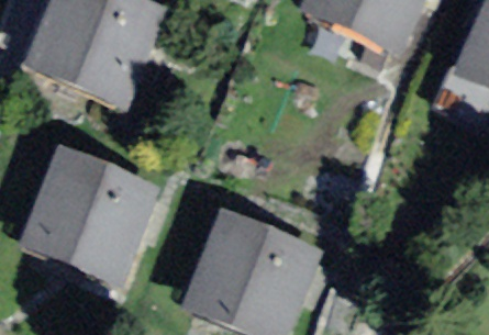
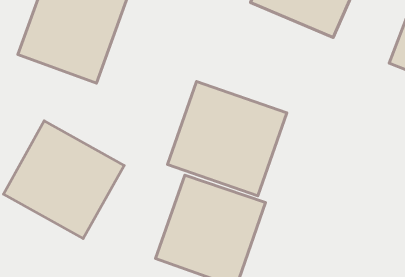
building: none -> [168,82,287,196]

